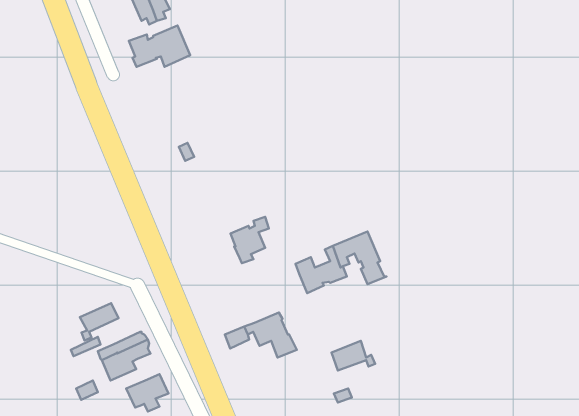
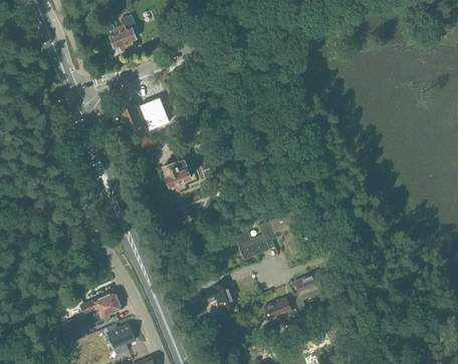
building: [129,26,190,67] -> [122,98,170,130]
building: [230,217,269,263] -> [163,153,193,190]
building: [80,303,118,340] -> none
building: none -> [293,273,323,311]

